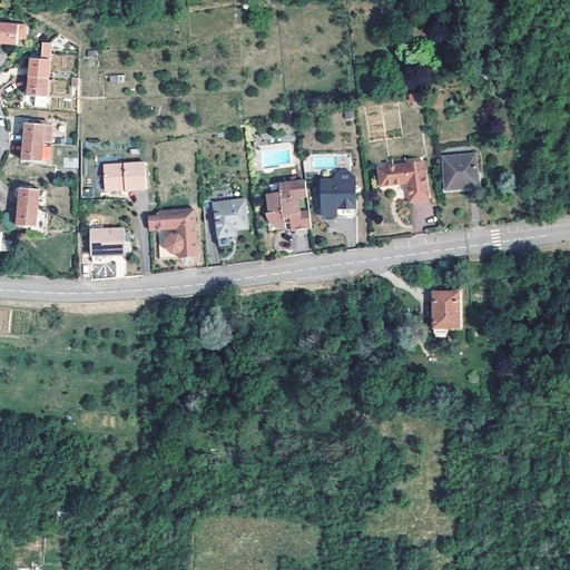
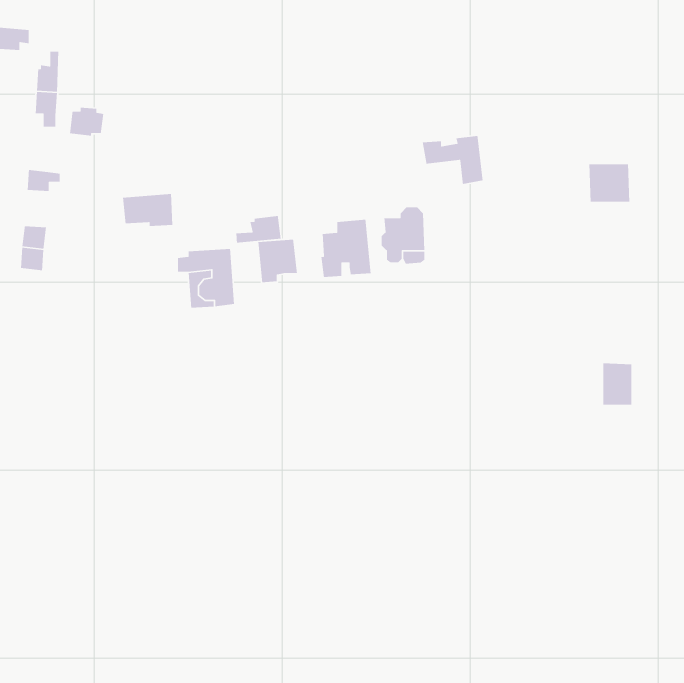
building: [23,118,52,142] -> [69,107,104,136]
building: [441,157,475,189] -> [589,164,630,202]
building: [375,160,426,202] -> [422,135,484,185]
building: none -> [236,215,282,244]
building: [89,228,124,256] -> none
building: [431,293,455,328] -> [603,362,632,405]

